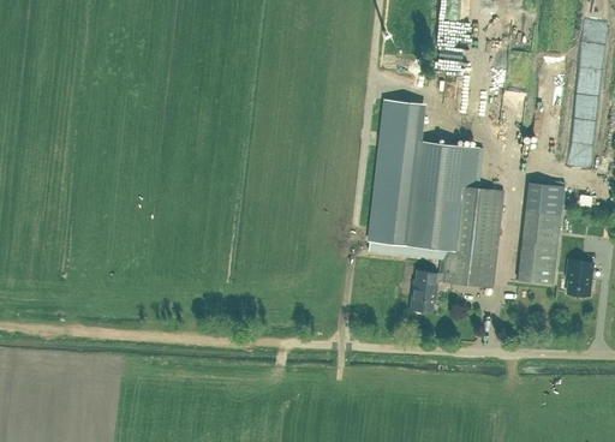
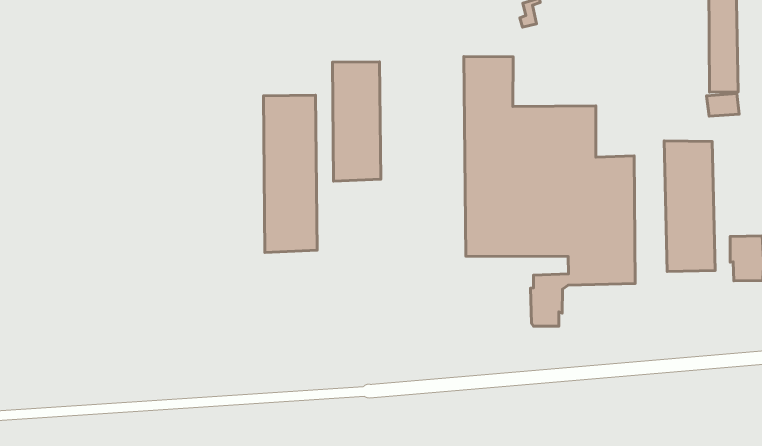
building: none -> [332,62,381,181]
building: none -> [264,95,317,253]

